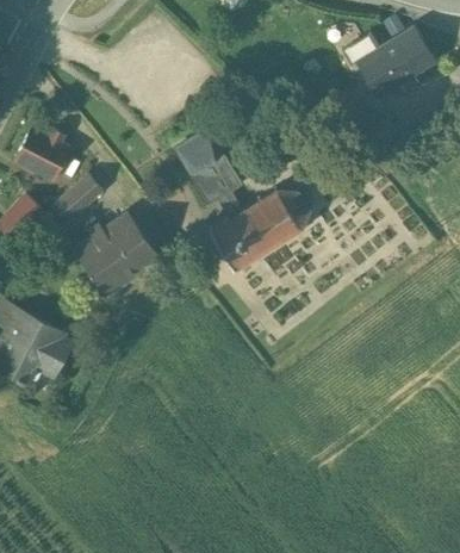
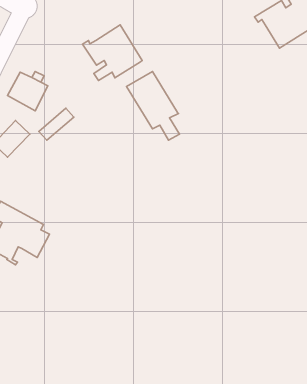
building: none -> [83,25,142,80]
building: [207,186,306,274] -> none
building: [74,212,162,297] -> none

